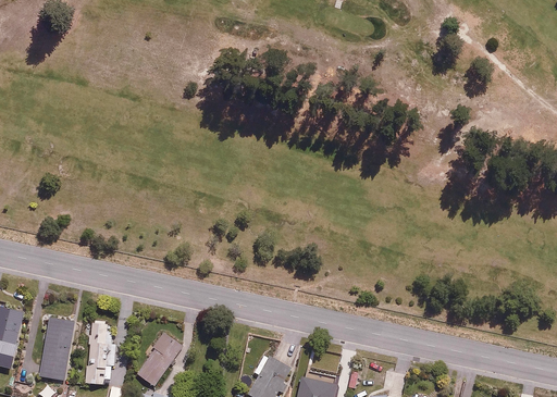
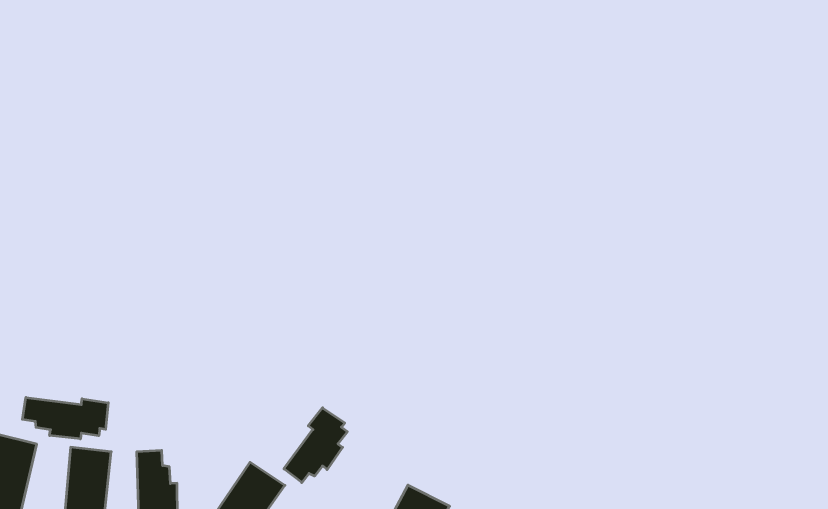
building: none -> [22,397,108,439]
building: none -> [284,408,347,483]

